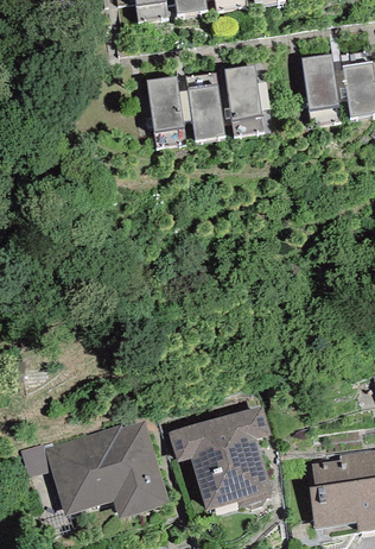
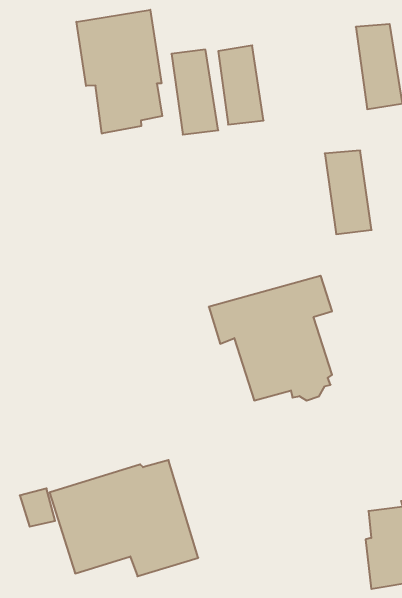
building: none -> [76,10,162,134]
building: [224,65,263,135] -> [325,151,372,234]
building: [169,405,272,510] -> [209,276,332,400]

